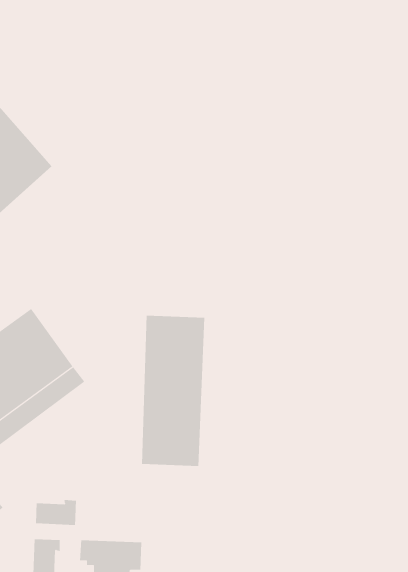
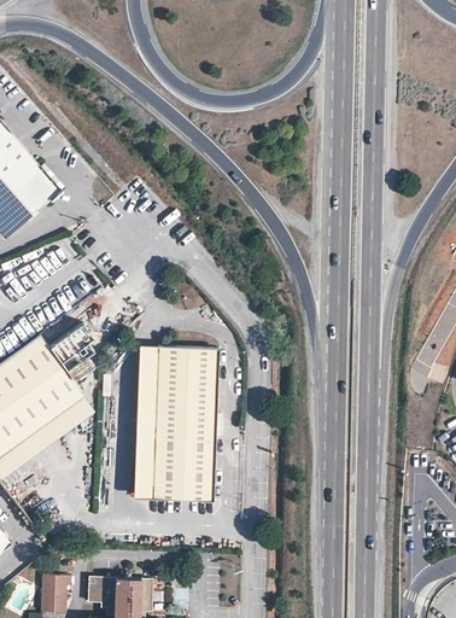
building: none -> [134,345,157,500]
building: [36,499,77,526] -> none

